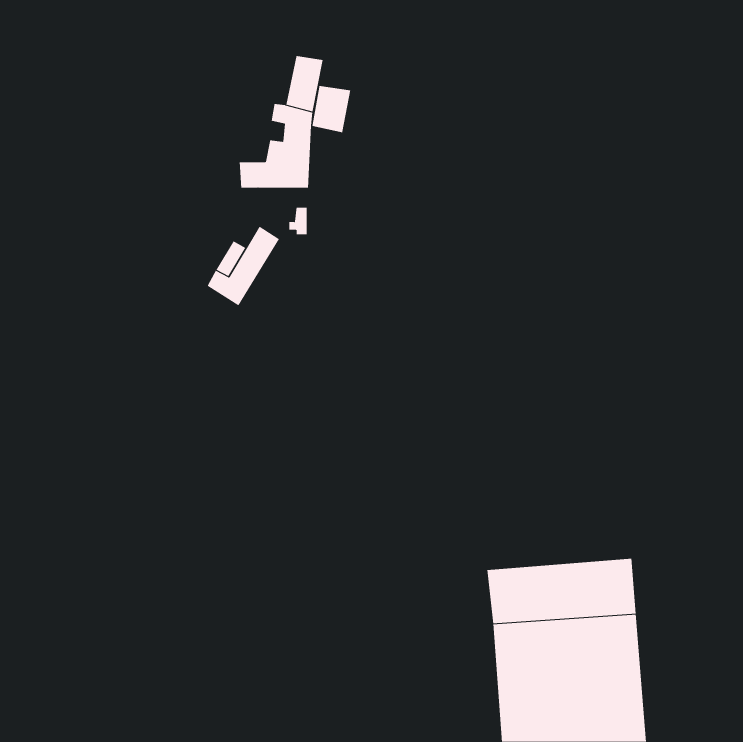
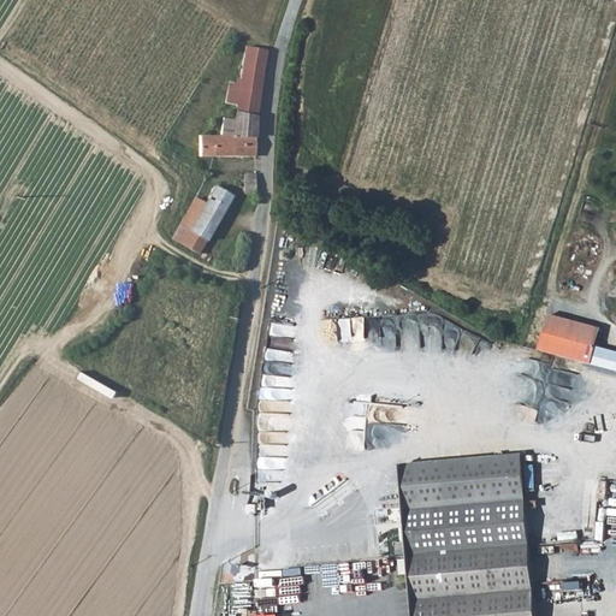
building: [312,85,351,133] -> none
building: none -> [541,315,605,366]

